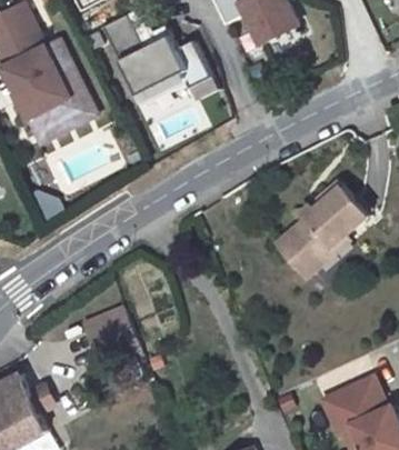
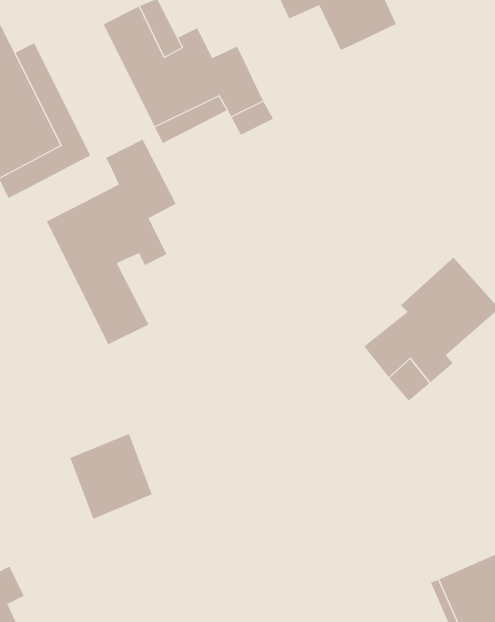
building: none -> [46,139,177,345]

